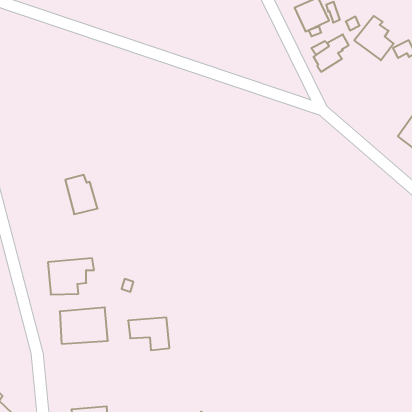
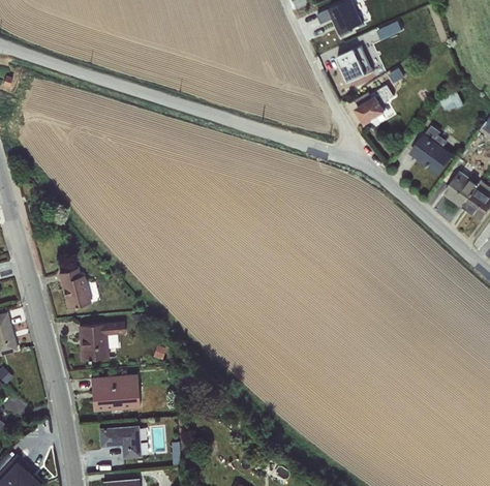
building: [354,16,394,60] -> [410,126,452,173]
building: [65,175,98,214] -> [57,268,91,309]
building: [128,318,169,350] -> [97,425,141,459]

